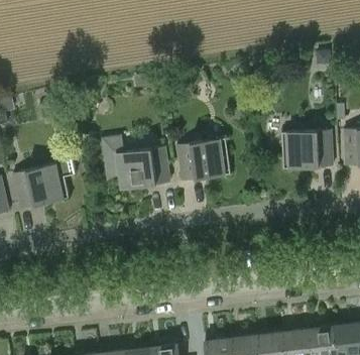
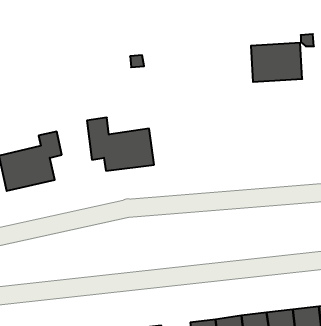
building: [281,129,333,168] -> [251,43,302,82]
building: [176,138,231,181] -> none

